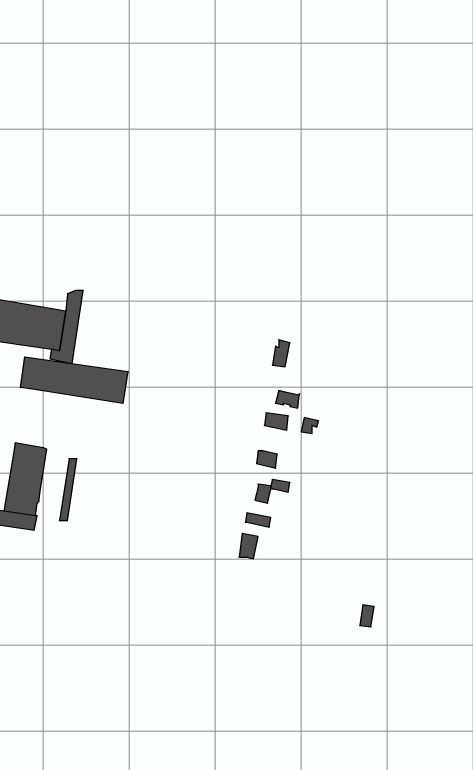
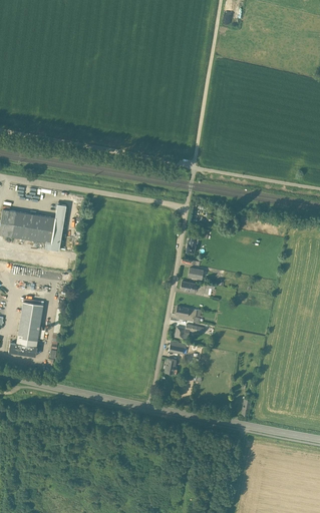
building: [20,357,128,403] -> none

